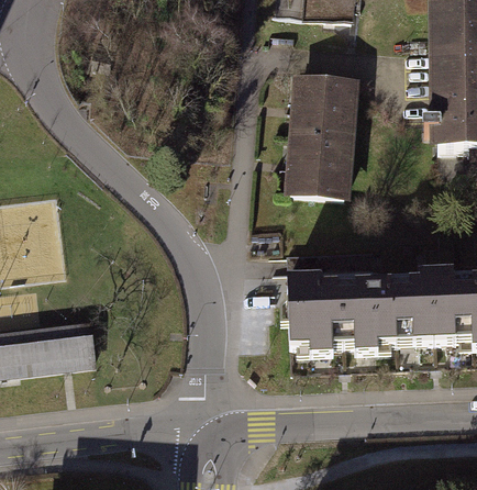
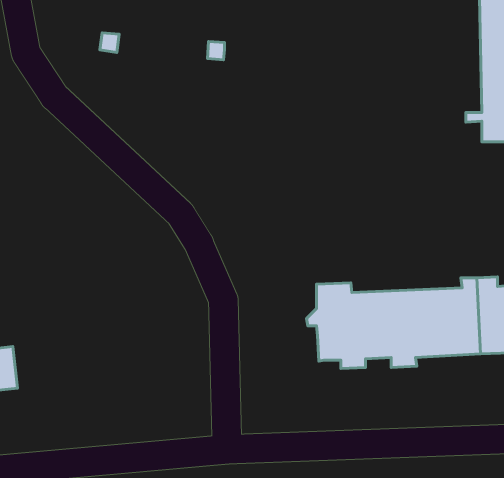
building: [289,76,352,194] -> none
building: [15,324,92,369] -> none

